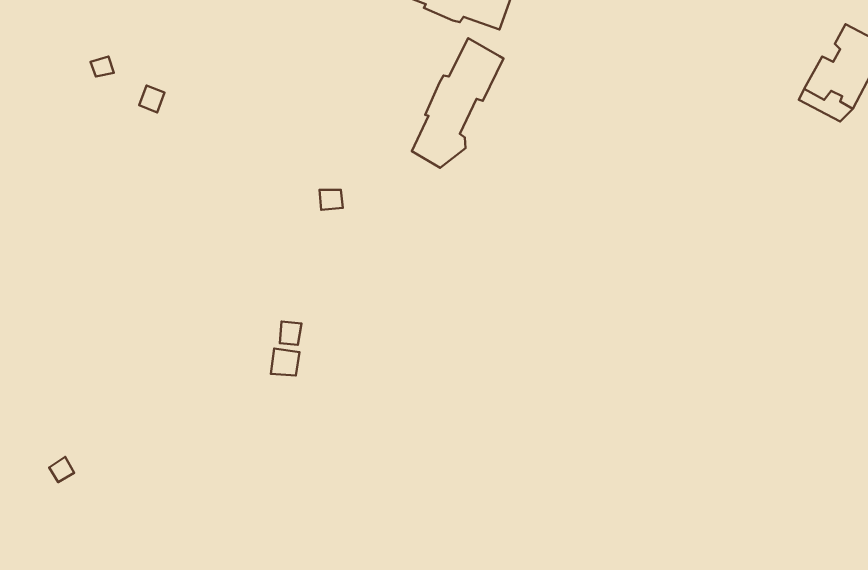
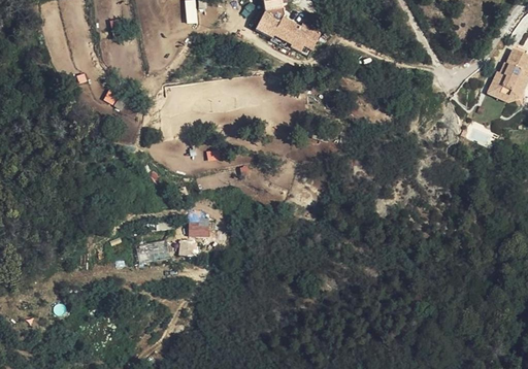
building: [412,38,504,168] -> none

